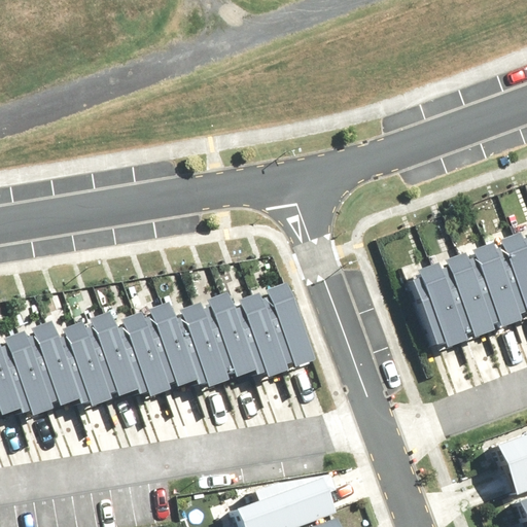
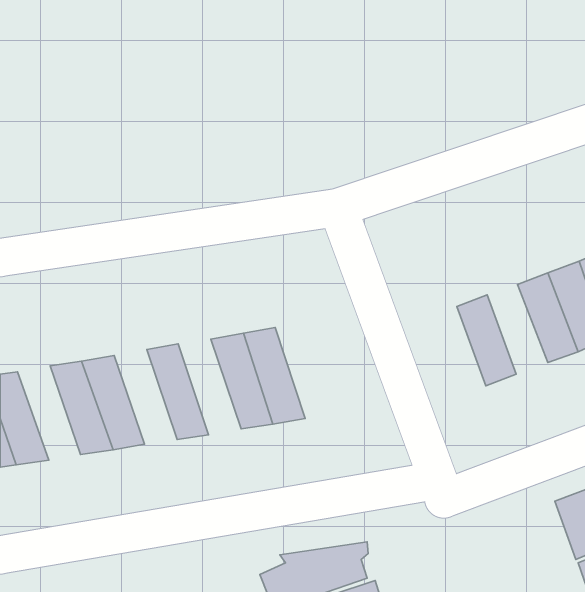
building: [440,254,493,333] -> none
building: [252,288,307,373] -> none
building: [167,303,222,387] -> none
building: [110,312,166,395] -> none
building: [25,326,80,410] -> none

